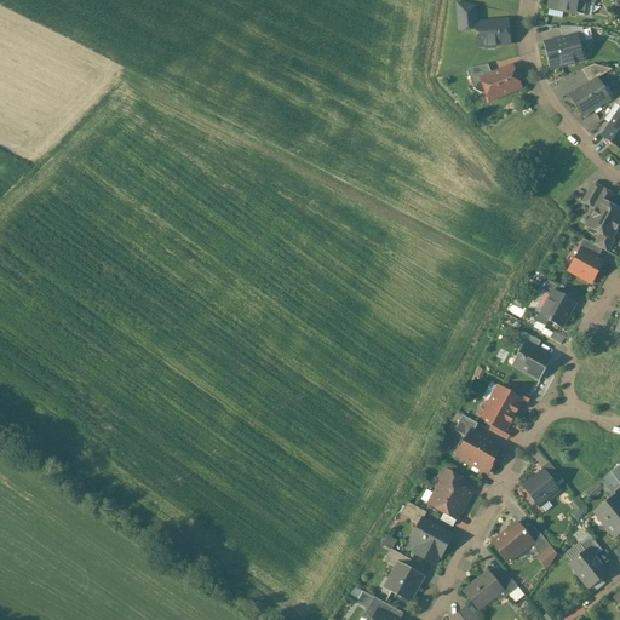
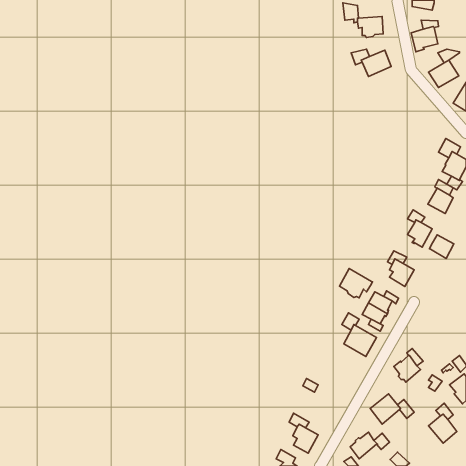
building: none -> [430,235,454,259]
building: none -> [340,269,372,298]
building: [427,470,471,521] -> none
building: [411,519,452,564] -> none

